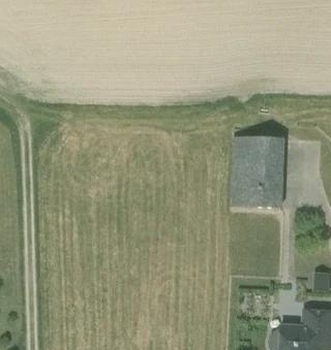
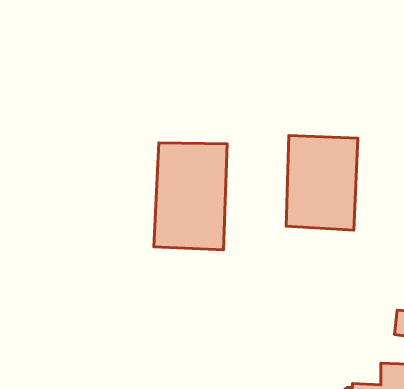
building: none -> [154,143,227,250]

